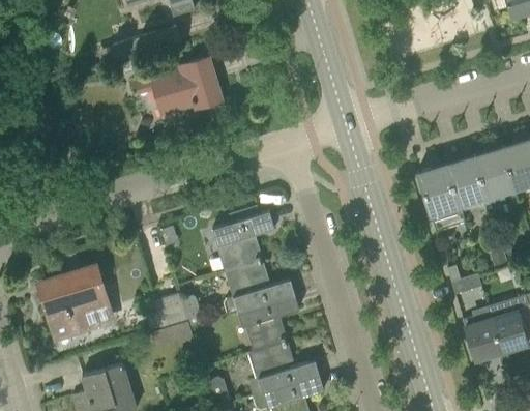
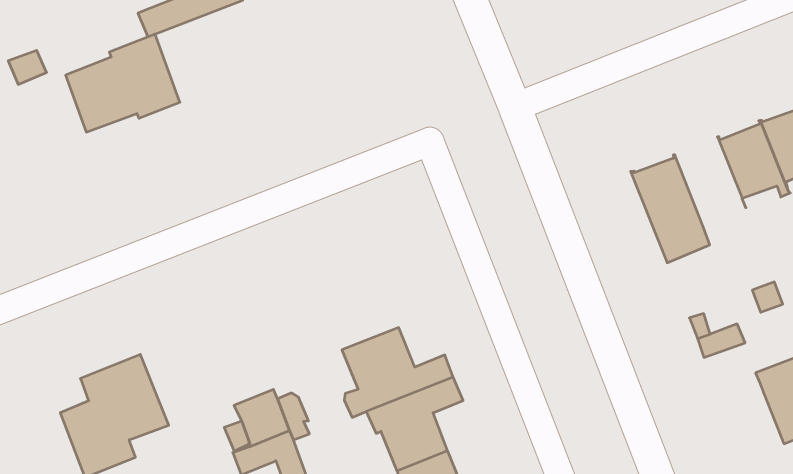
building: [150,57,222,116] -> [66,34,180,132]
building: [446,155,490,212] -> none
building: [211,212,274,272] -> none
building: [463,314,501,362] -> none

